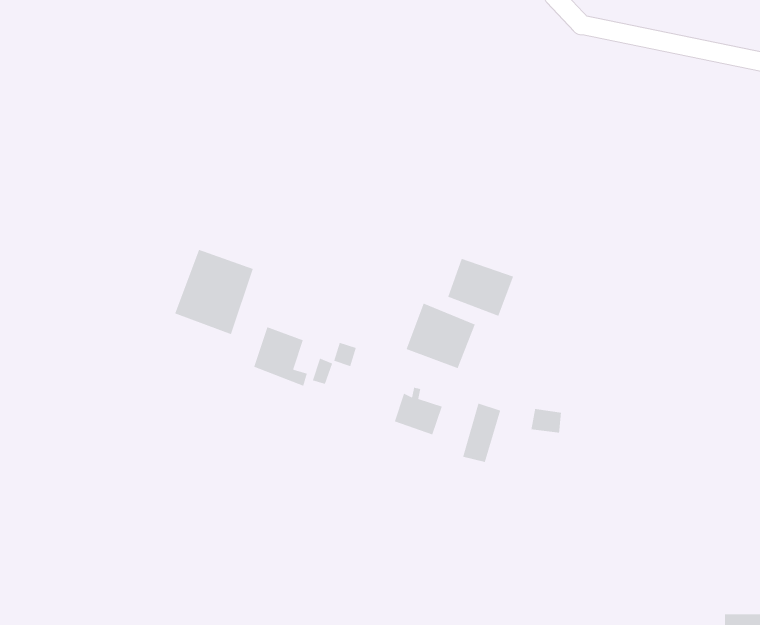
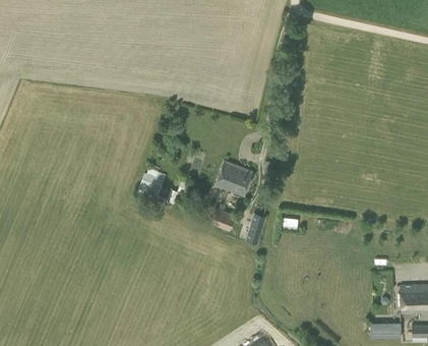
building: [174,249,254,335] -> none
building: [447,258,514,317] -> none

